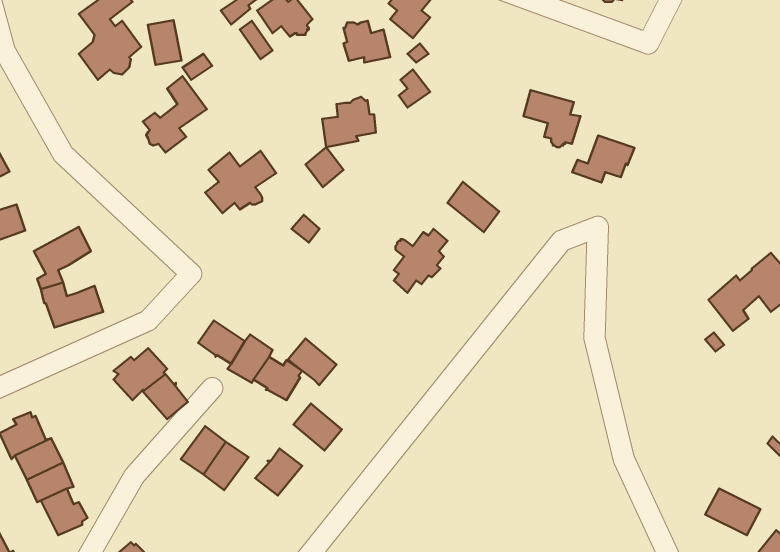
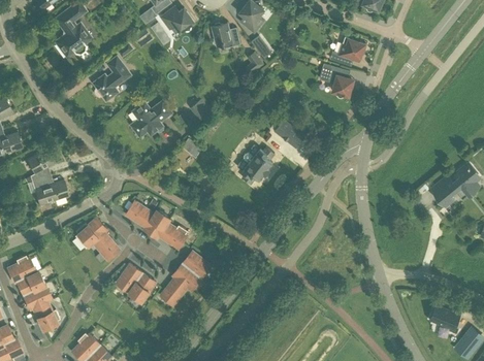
building: [148,20,181,65] -> none
building: [322,97,376,147] -> none
building: [572,136,635,182] -> [330,37,367,65]
building: [288,338,337,385] -> [172,263,201,291]

